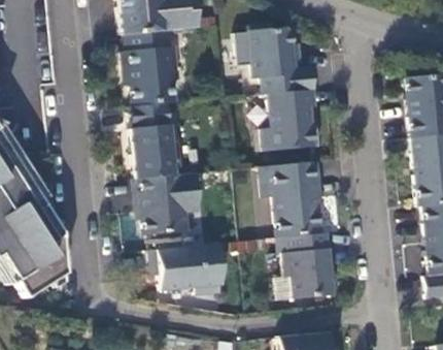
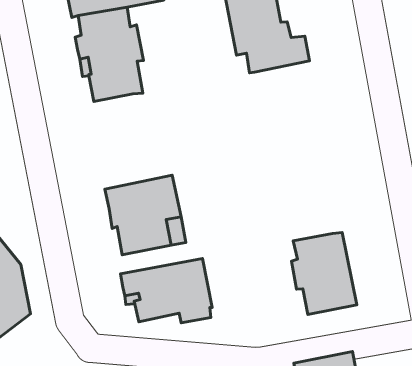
building: [263,88,319,150] -> none
building: [129,101,181,178] -> none
building: [262,160,319,236] -> none

